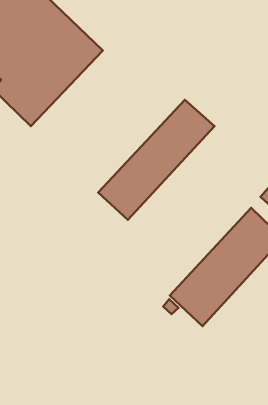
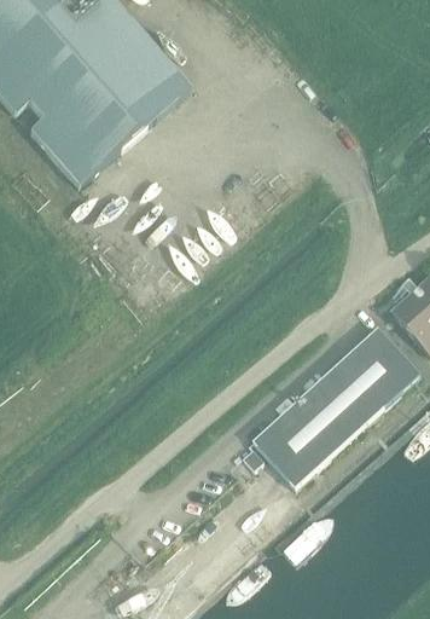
building: [98,100,214,220] -> none

